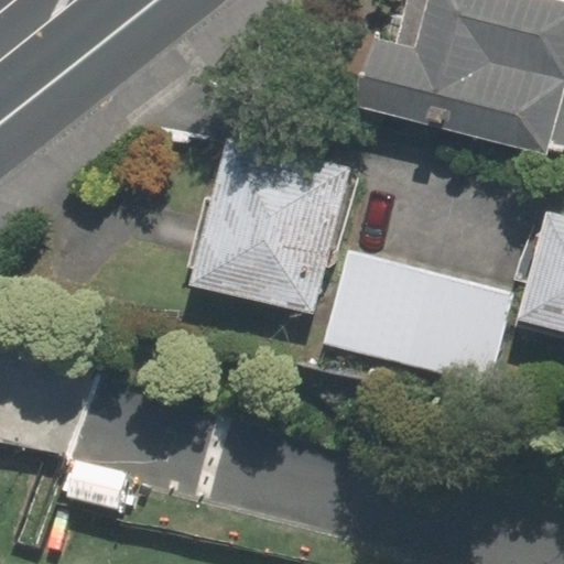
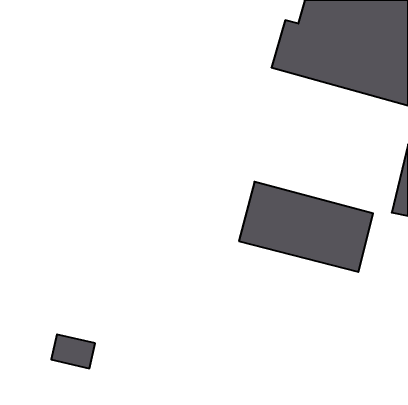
building: [199,128,356,300] -> none

